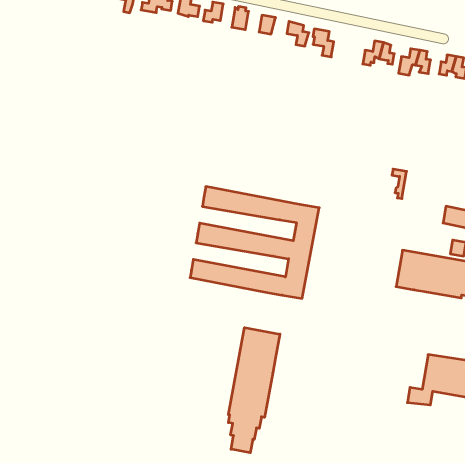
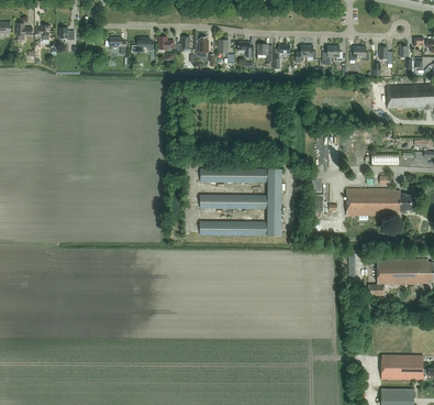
building: [228,328,280,453] -> none

